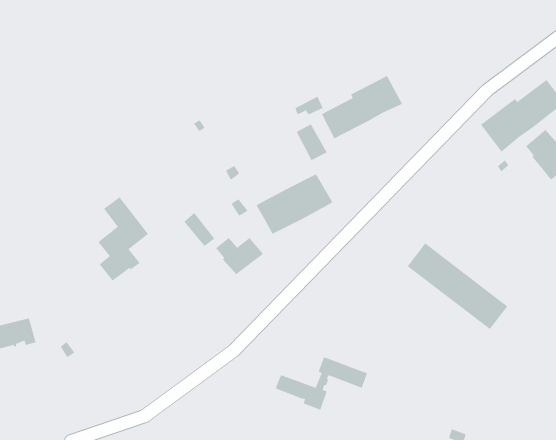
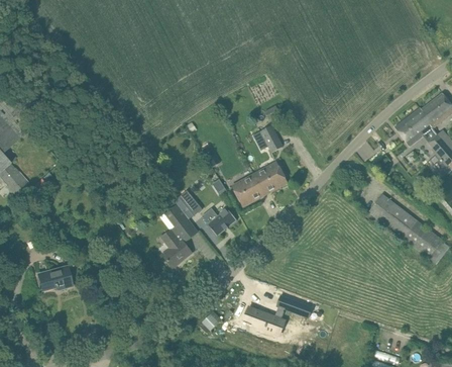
building: [321,75,403,139] -> none
building: [98,196,149,284] -> [160,204,198,268]
building: [407,243,508,330] -> [369,194,443,258]

